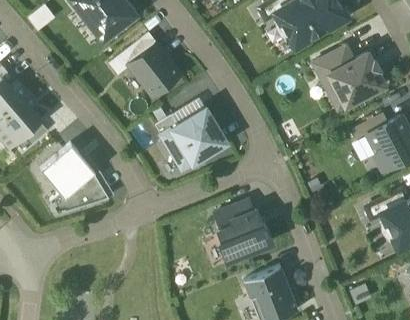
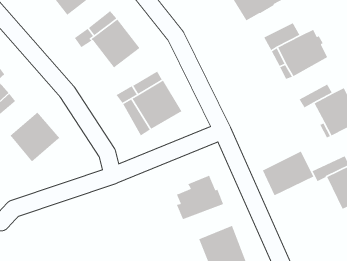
building: [49,174,109,215] -> none
building: none -> [262,150,315,196]
building: [215,202,253,232] -> none

